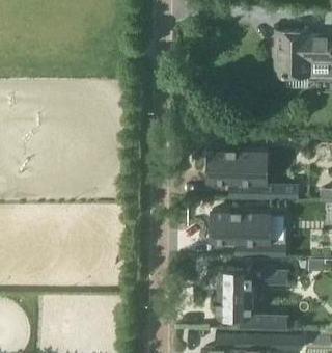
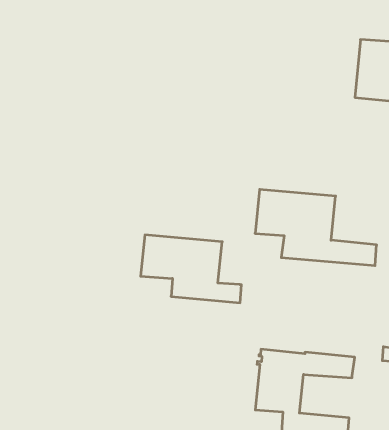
building: [211,211,286,256] -> [141,235,241,303]

